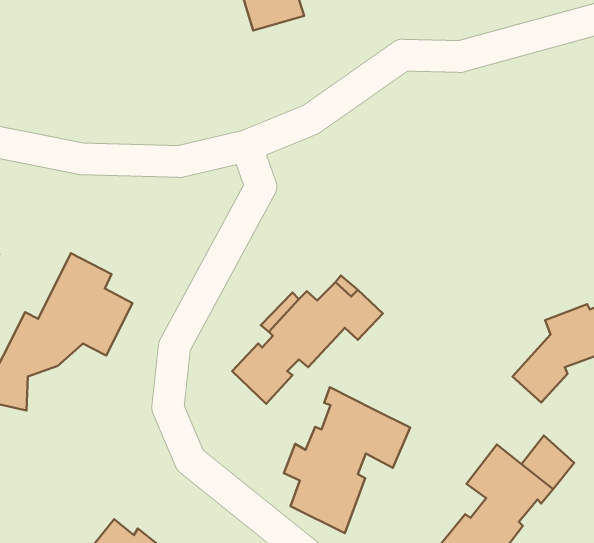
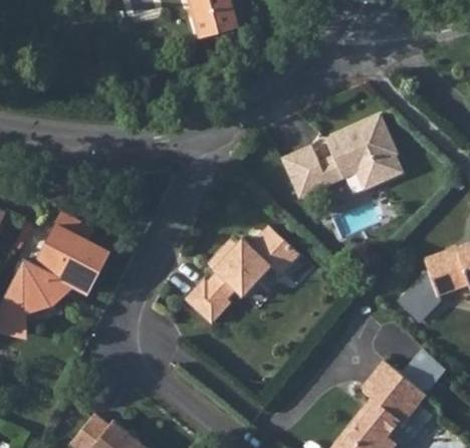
building: none -> [281,115,403,198]
building: [284,387,410,533] -> none

